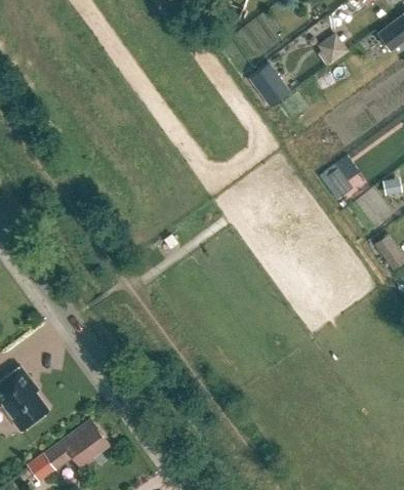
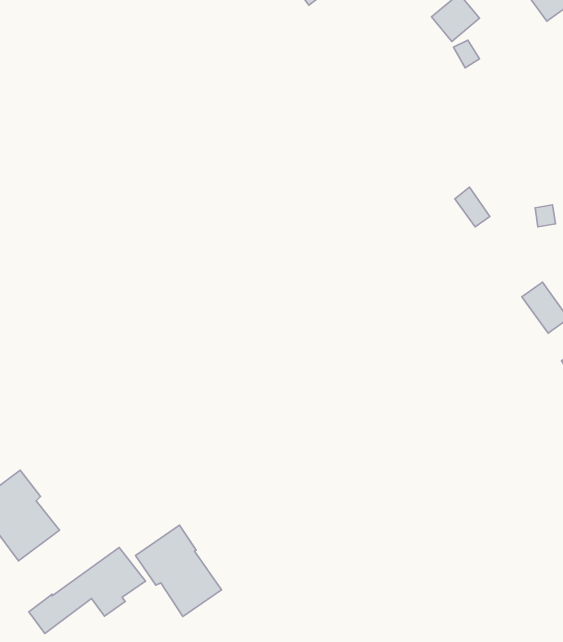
building: [248,64,290,108] -> none
building: none -> [136,525,221,616]

